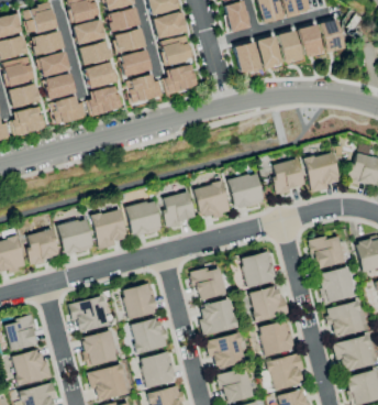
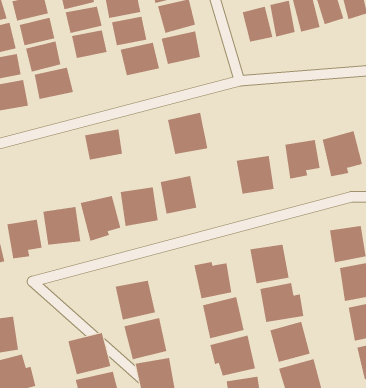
building: [88,87,122,114] -> [84,129,123,160]
building: [193,182,230,219] -> [167,112,208,155]
building: [69,296,109,332] -> none

